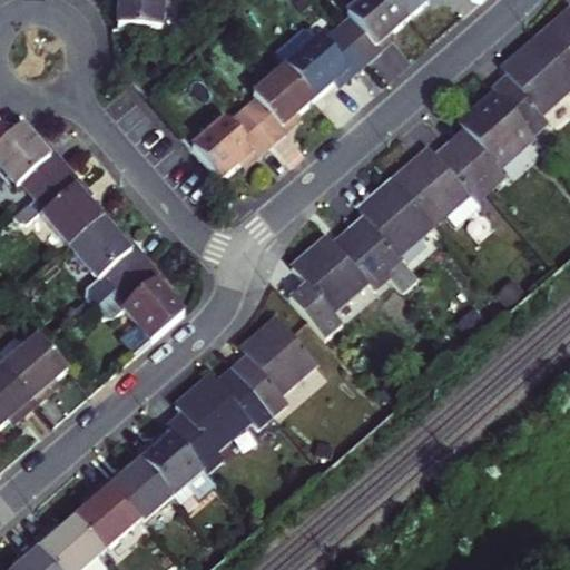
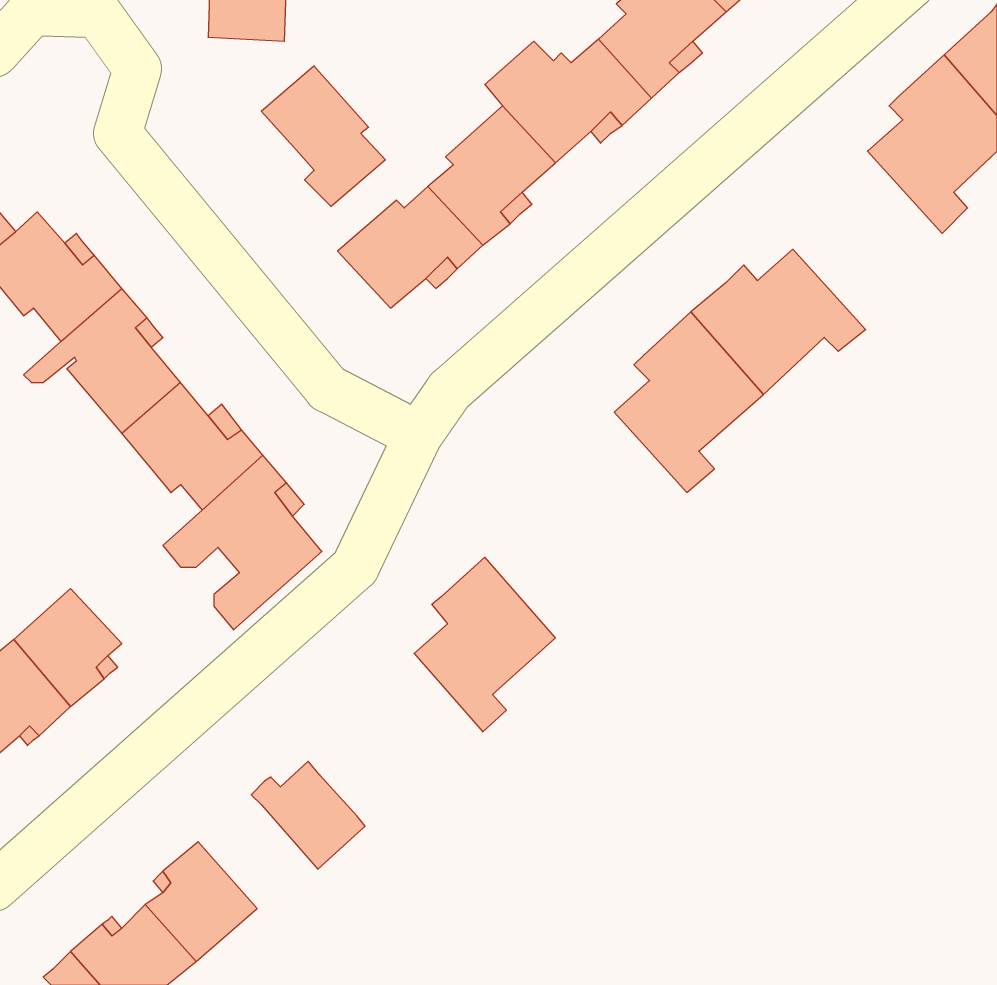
building: none -> [261,66,385,207]
building: [450,86,534,187] -> none
building: [283,234,390,331] -> none
building: [171,371,274,463] -> none
building: [112,456,180,520] -> none

